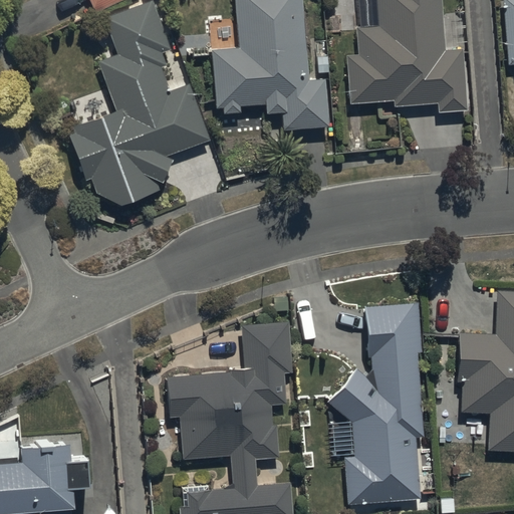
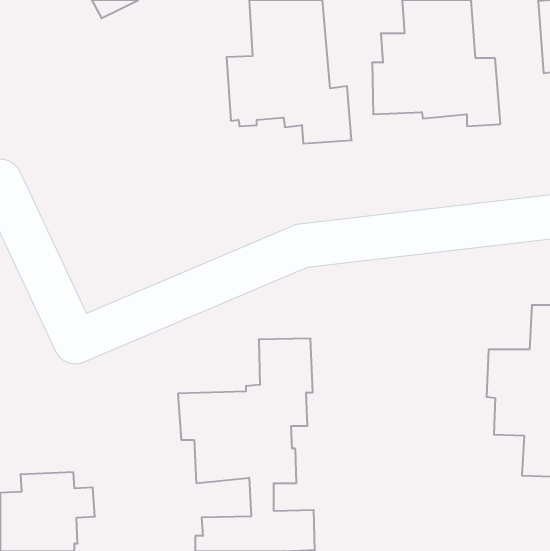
building: [68,6,209,212] -> none
building: [327,294,424,498] -> none

